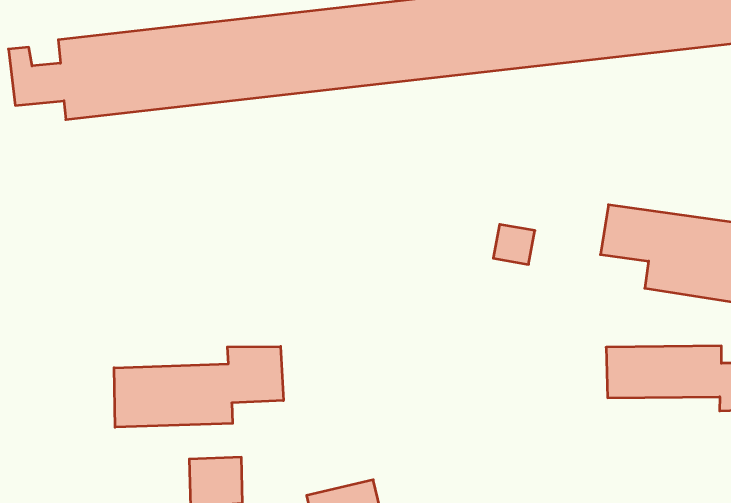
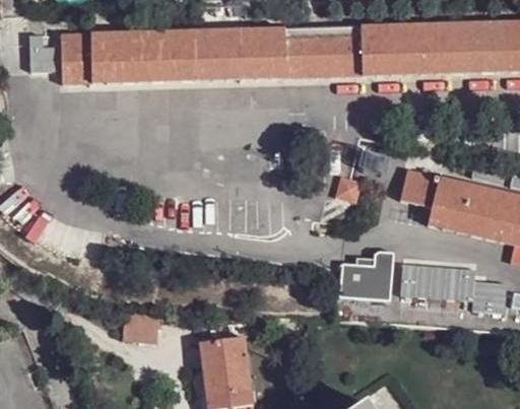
building: none -> [337,250,393,301]
building: [114,346,283,427] -> none

